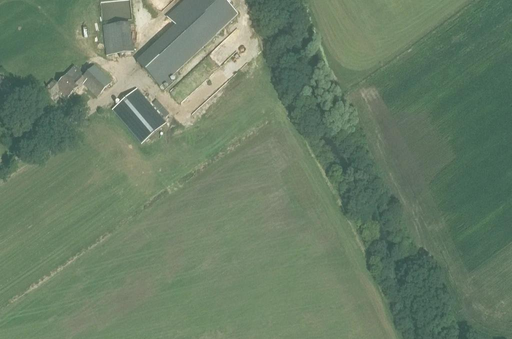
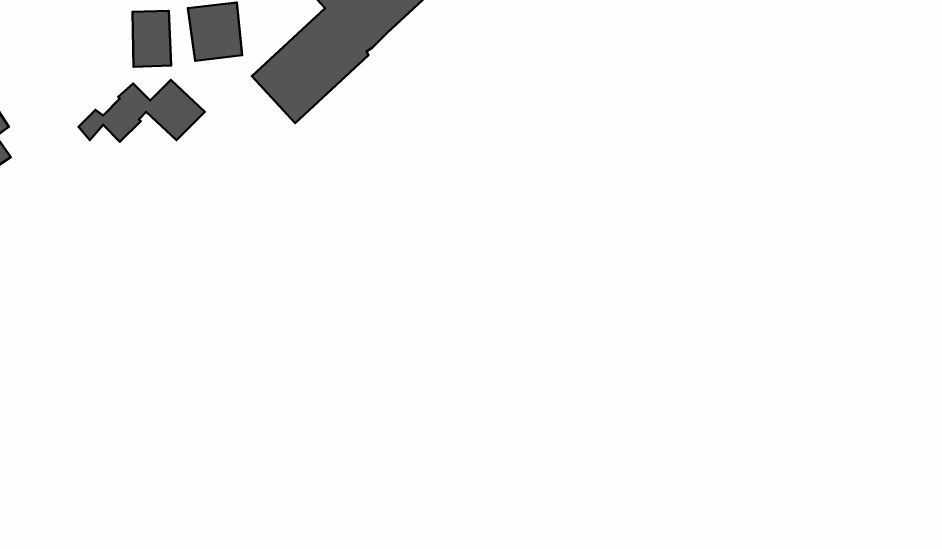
building: none -> [133,11,171,67]
building: [113,88,165,141] -> none

